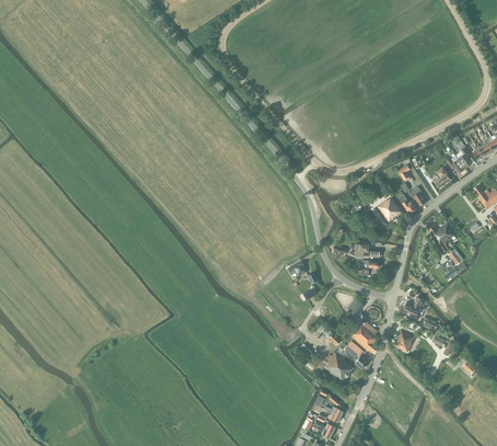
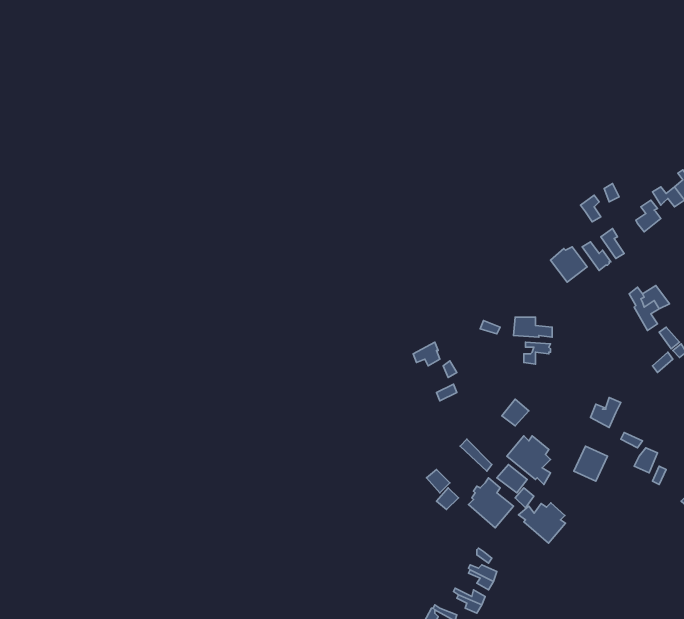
building: none -> [518,503,566,543]

